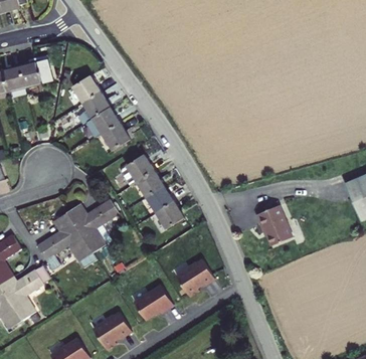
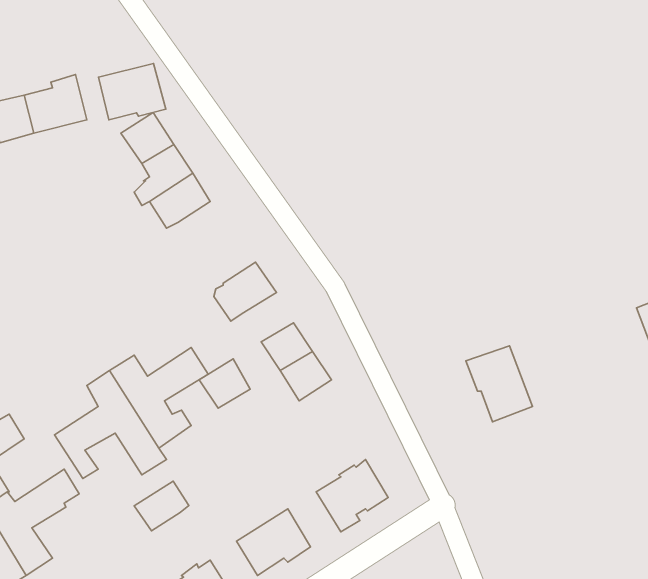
building: none -> [99,63,166,120]
building: [103,124,130,150] -> none
building: [137,172,164,198] -> [199,359,250,408]
building: none -> [134,481,189,531]

